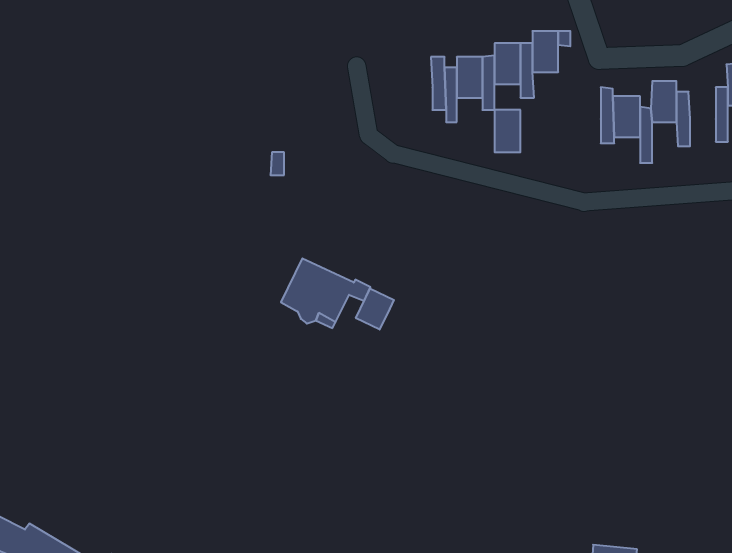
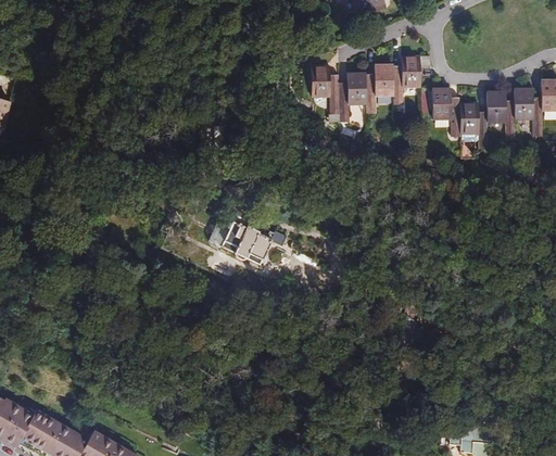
building: none -> [311,66,329,97]
building: none -> [513,88,532,119]
building: [495,110,520,152] -> [431,89,450,119]
building: [356,288,394,330] -> none

